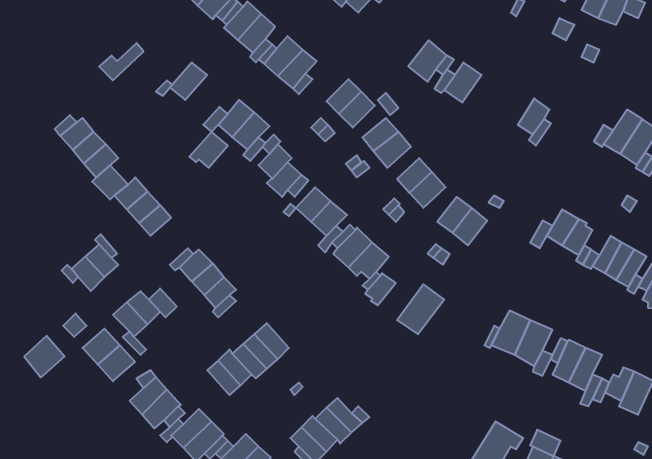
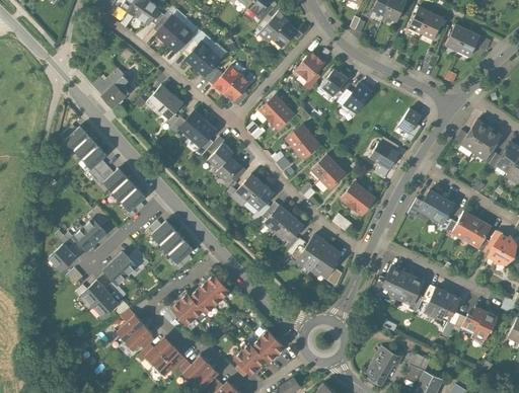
building: none -> [294,50,325,82]
building: none -> [102,77,130,108]
building: [189,132,228,168] -> [155,93,183,120]
building: none -> [371,144,399,170]
building: none -> [296,236,329,272]
building: [24,336,65,377] -> [47,241,76,271]

